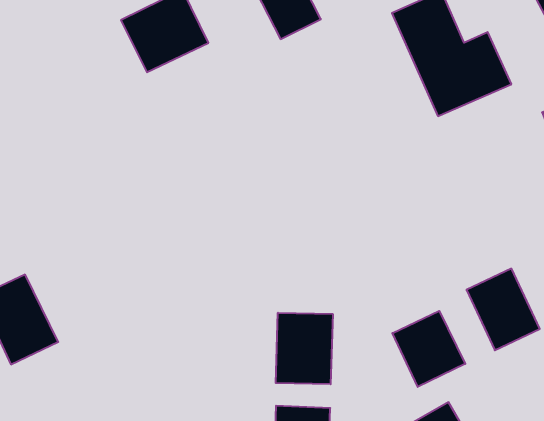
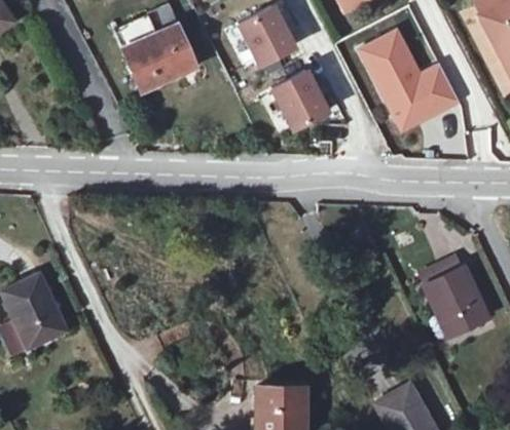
building: none -> [274,72,330,131]
building: [392,311,465,387] -> none
building: [276,313,333,384] -> none

